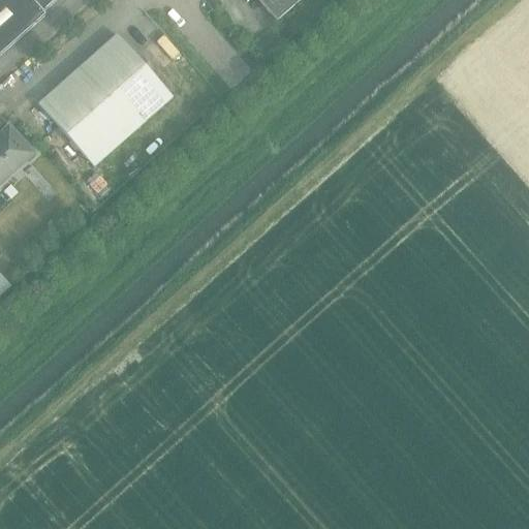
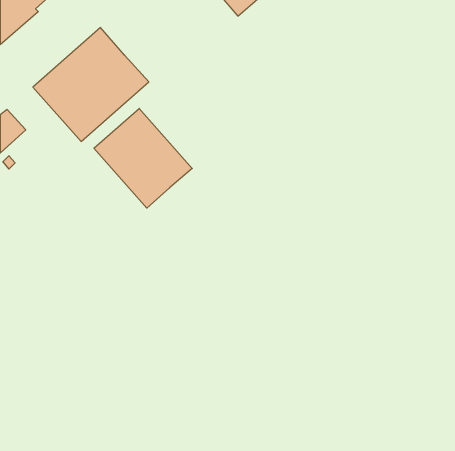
building: none -> [94,108,192,208]

